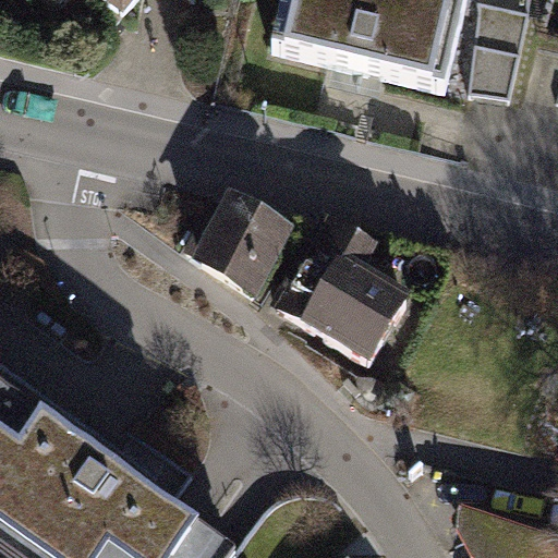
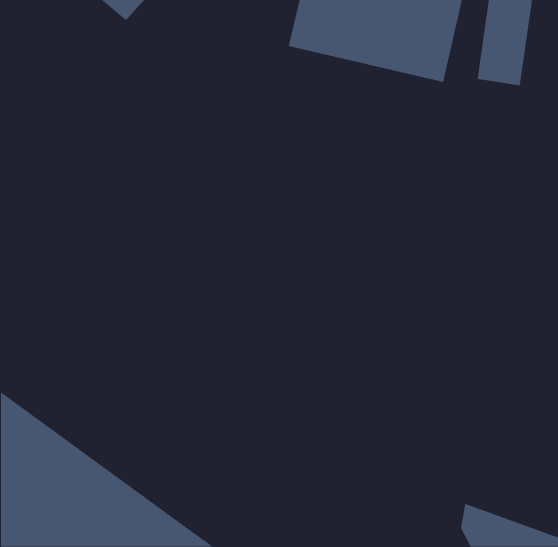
building: [191,190,294,294] -> none
building: [275,213,413,364] -> none

